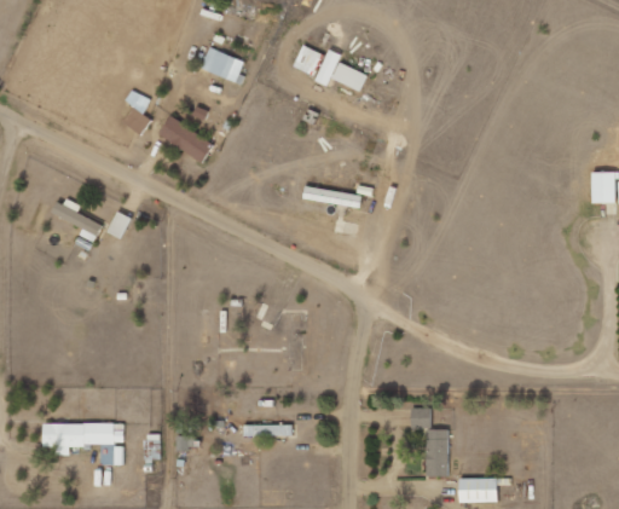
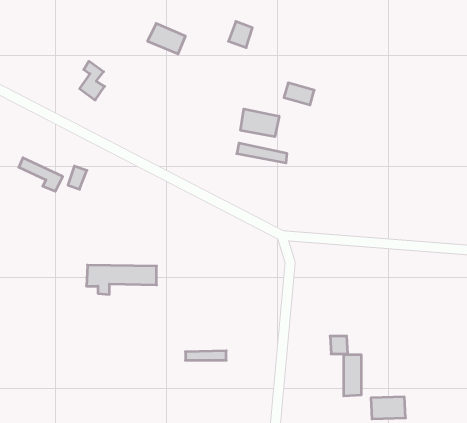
building: [331,64,366,89] -> [284,83,314,105]
building: [157,115,212,162] -> none
building: none -> [241,109,279,137]
building: [41,422,122,456] -> [86,265,157,294]

